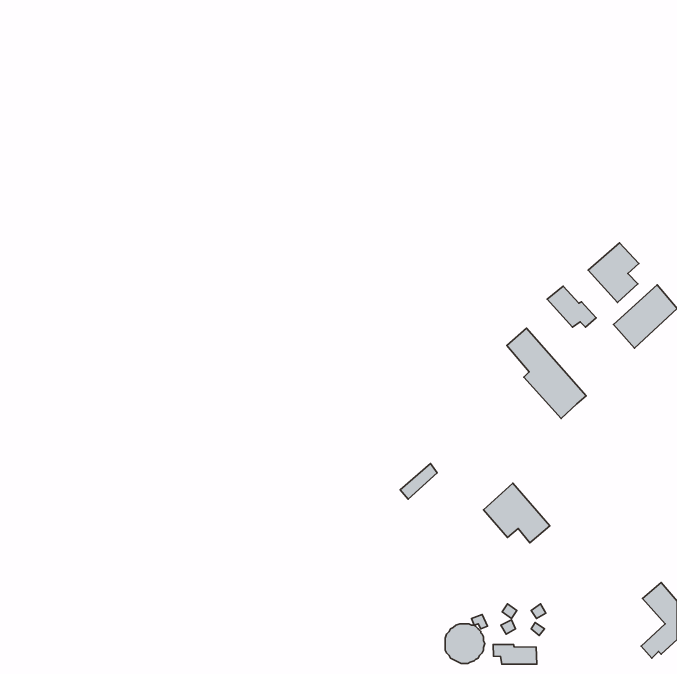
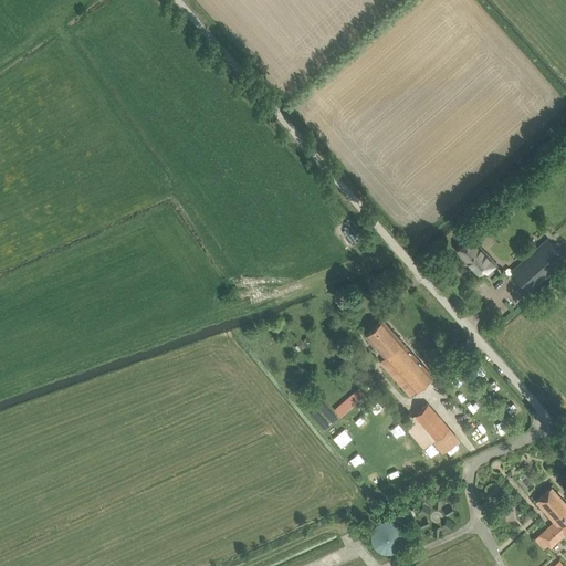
building: [588,243,639,302] -> none
building: [507,328,586,418] -> [366,322,432,397]
building: [493,644,537,664] -> none

